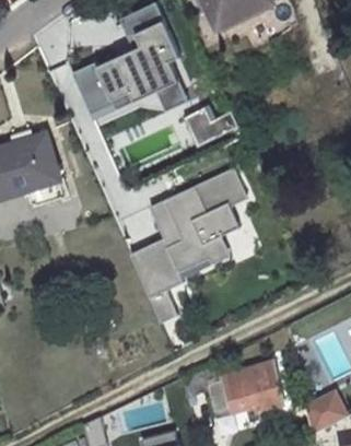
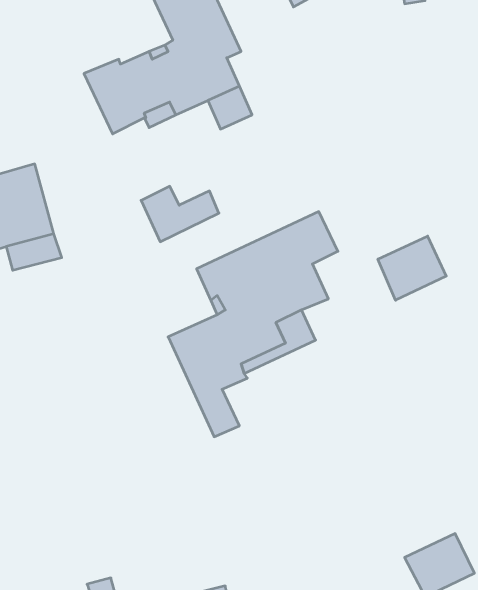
building: [188,106,242,144] -> [141,186,219,242]
building: none -> [378,236,446,300]
building: [214,363,283,418] -> none

